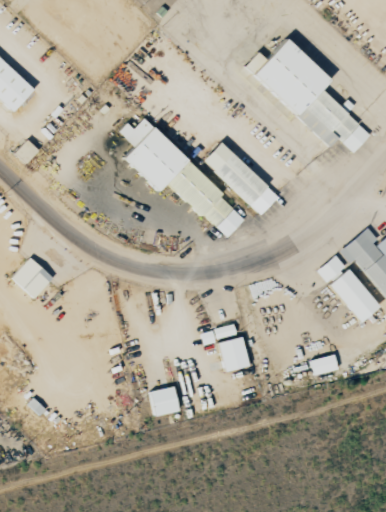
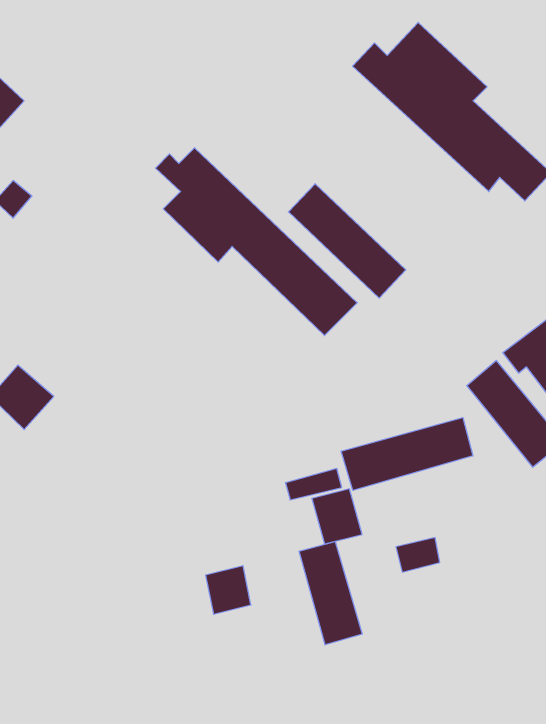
building: none -> [341,418,473,490]
building: [311,354,339,376] -> [396,538,440,572]
building: none -> [299,542,362,645]

